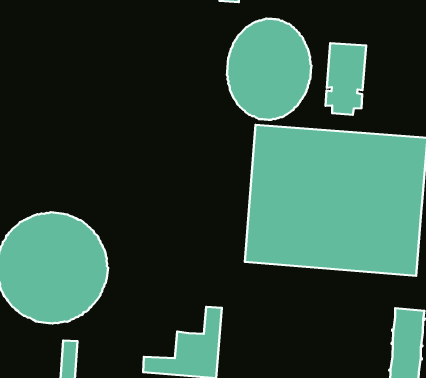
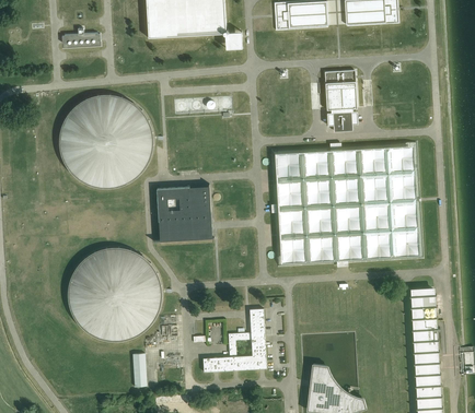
building: [227,19,311,120] -> none
building: none -> [59,94,153,188]
building: none -> [153,184,213,241]

